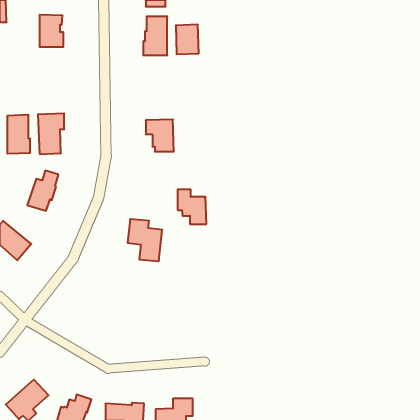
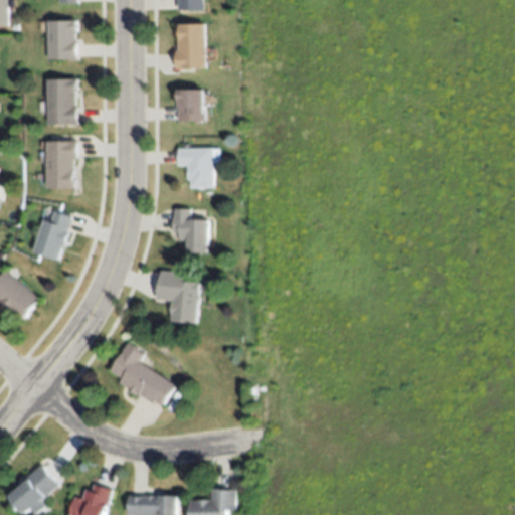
building: [176,25,199,54] -> [176,85,204,122]
building: [7,115,30,154] -> [48,77,76,125]
building: [178,189,206,224] -> [172,208,207,250]
building: none -> [108,342,174,406]

